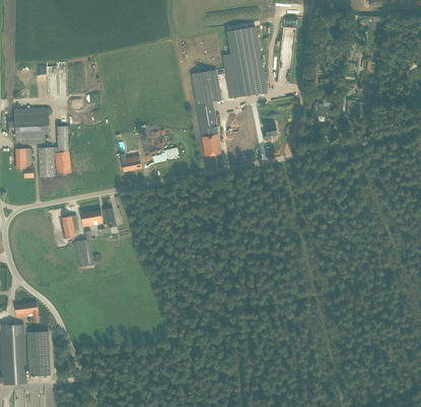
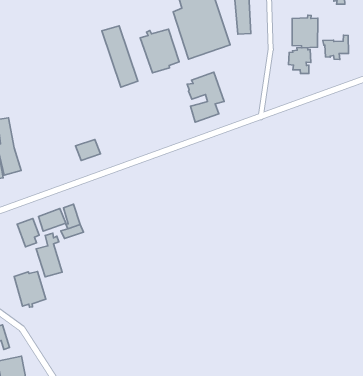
building: none -> [292,15,318,48]
building: [196,102,220,155] -> [102,26,138,87]
building: none -> [14,271,46,307]

